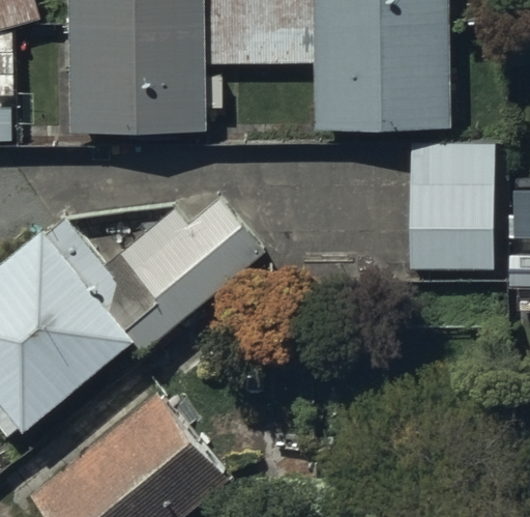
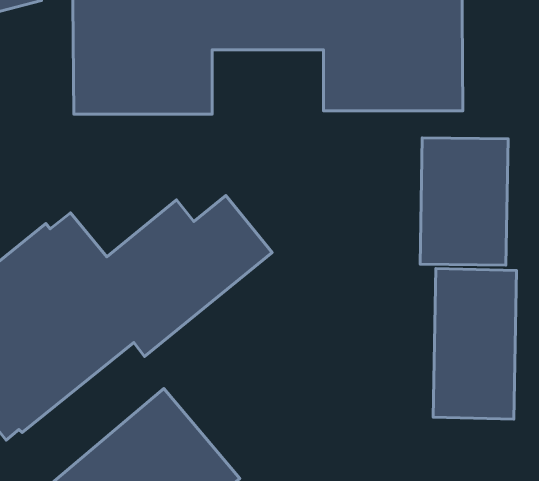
building: none -> [433,269,516,419]

